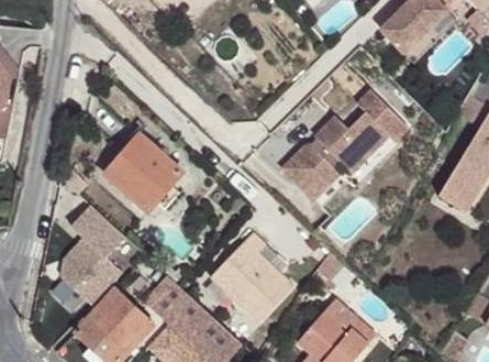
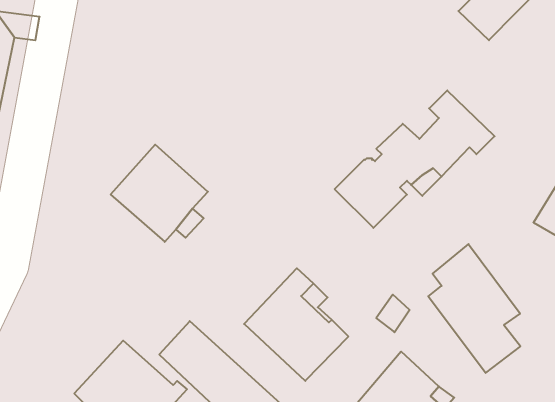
building: [62,206,126,305] -> none
building: none -> [428,244,520,373]

